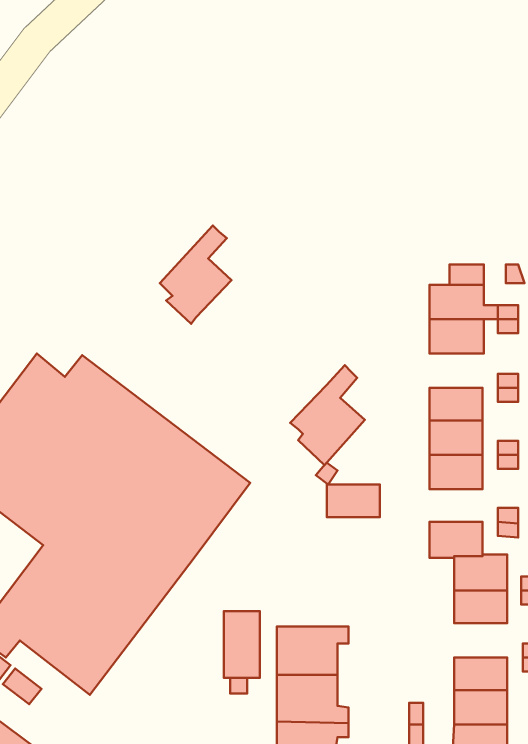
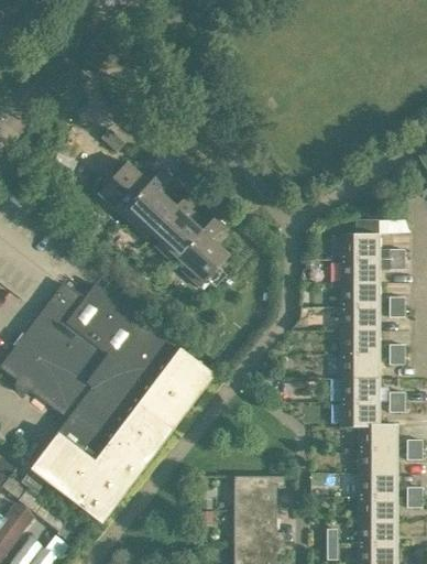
building: none -> [97,161,174,237]
building: none -> [340,282,379,306]
building: [290,365,365,465] -> [175,216,228,286]
building: [327,484,380,517] -> [340,378,377,401]
building: [224,611,260,678] -> none
building: none -> [358,473,395,497]

